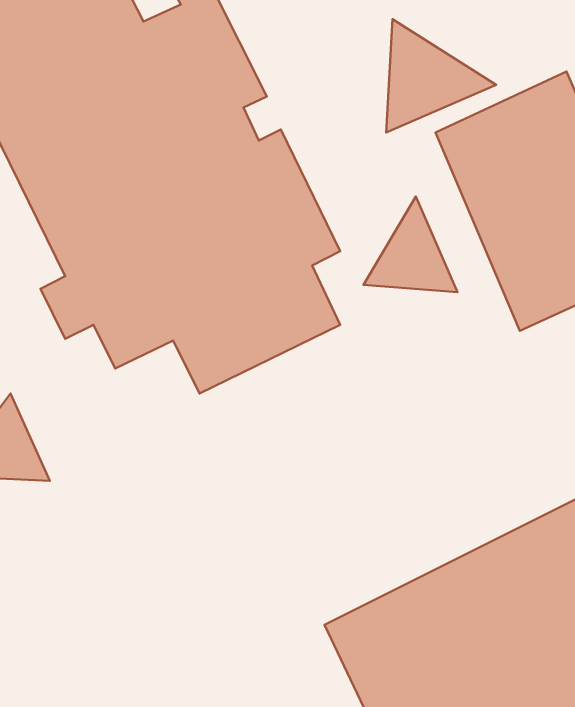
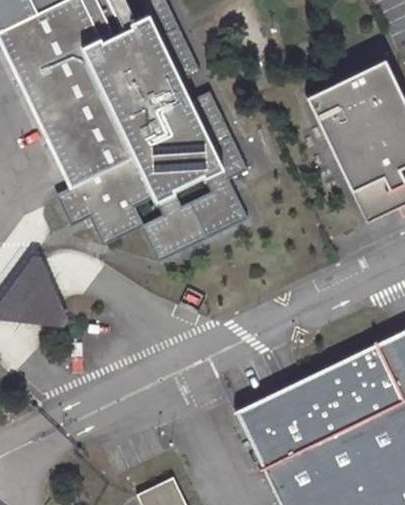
building: [386,19,496,132] -> none
building: [364,197,457,292] -> none

